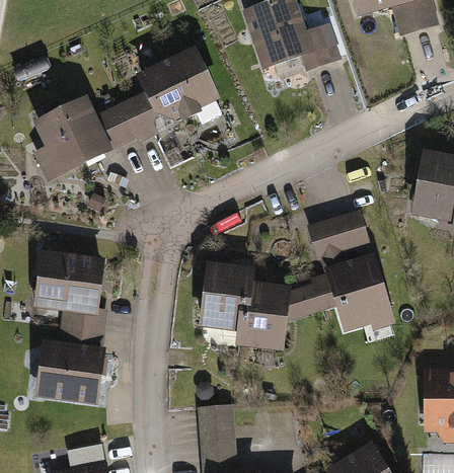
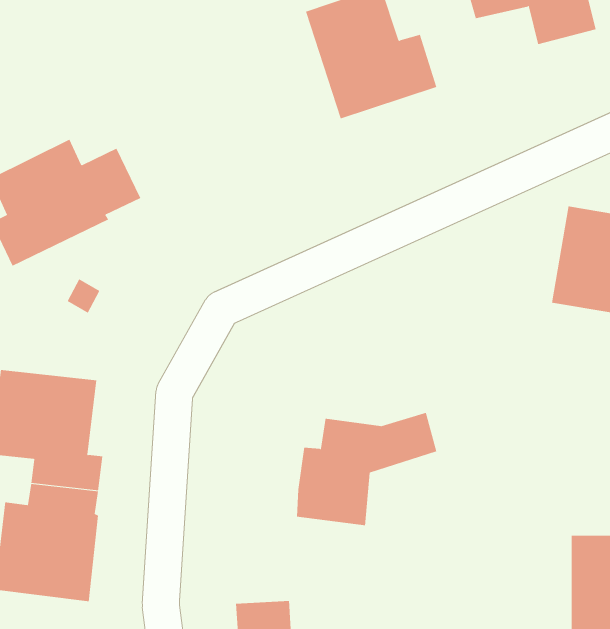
building: [119,48,221,137] -> none
building: [309,210,394,345] -> none
building: [198,263,258,331] -> none

